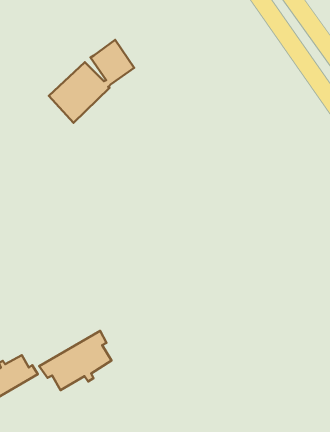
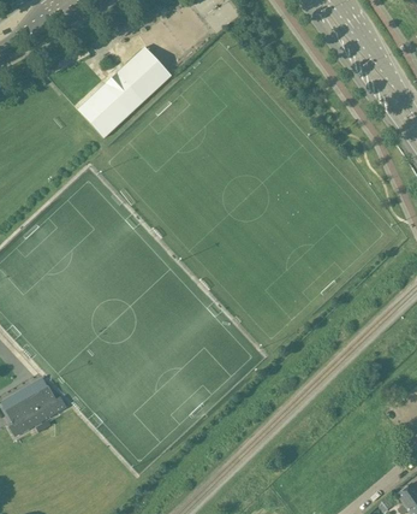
building: [39,331,112,390] -> none

